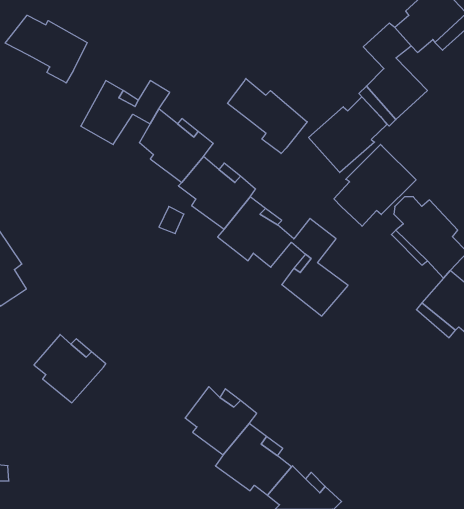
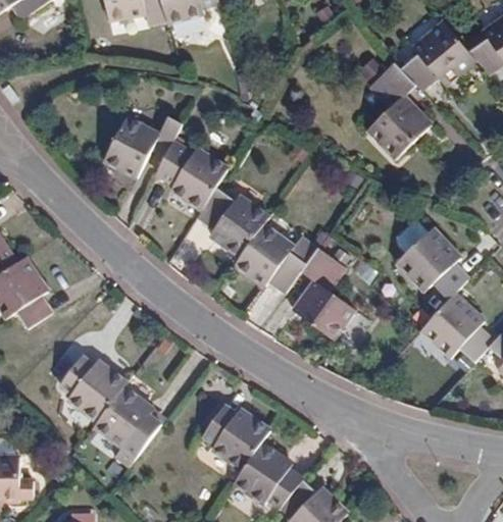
building: [5,15,87,83] -> none
building: [228,78,307,154] -> none
building: [309,97,387,173] -> none
building: [334,144,416,226] -> none
building: none -> [93,385,160,451]

